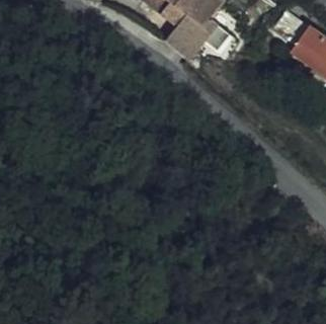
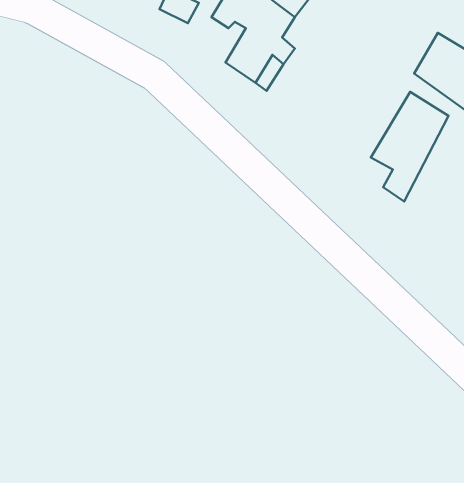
building: none -> [371,92,448,202]

